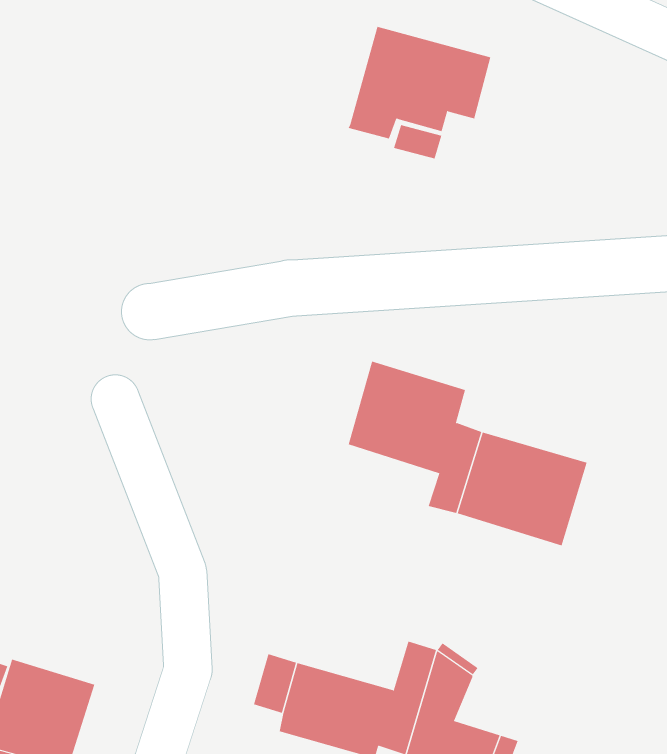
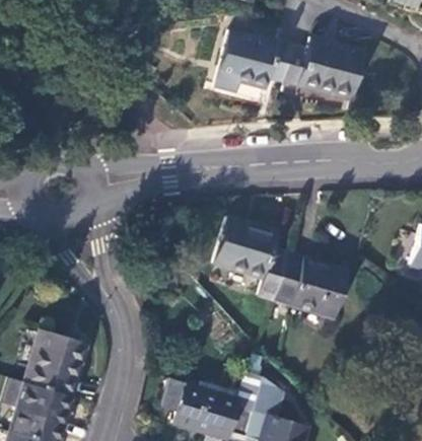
building: none -> [284,38,365,100]
building: none -> [25,329,87,396]

